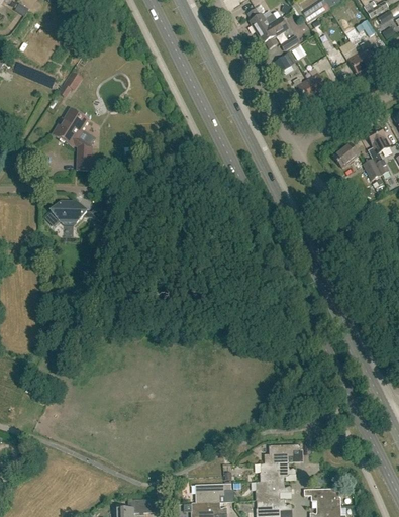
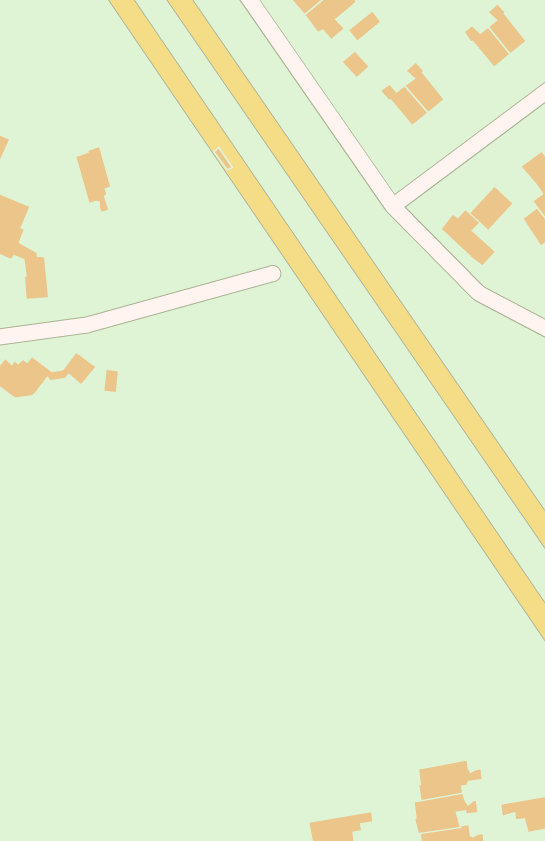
building: none -> [75,146,111,213]
building: none -> [441,210,496,266]
building: [264,444,300,463] -> none

